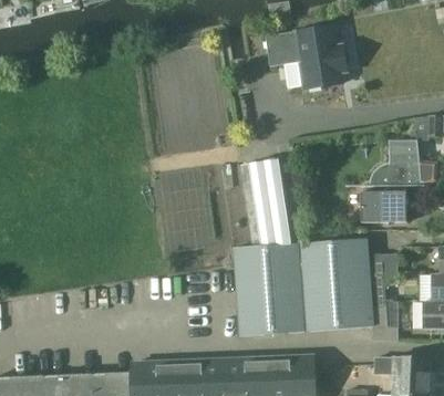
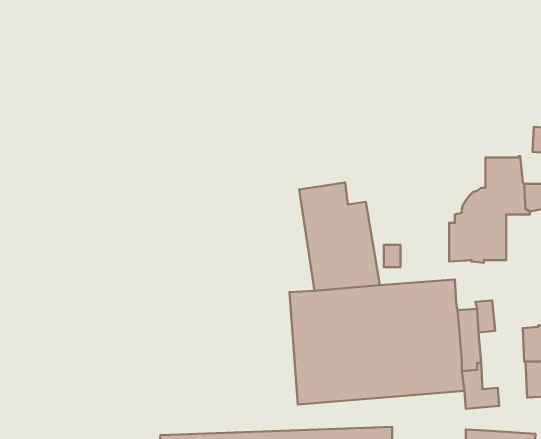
building: [266,24,351,88] -> none

